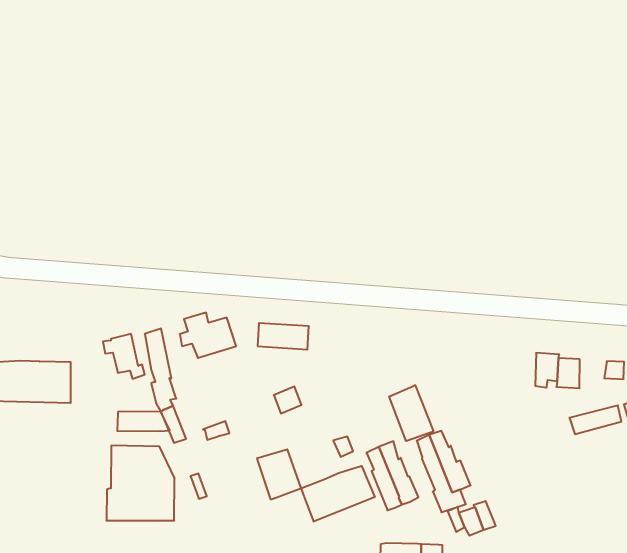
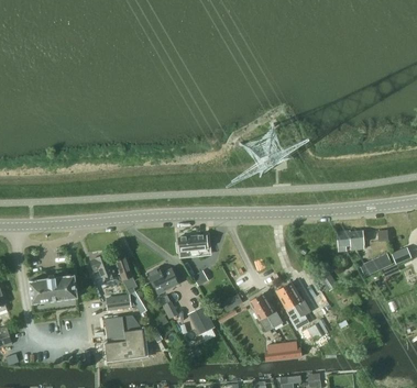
building: [180,313,236,358] -> [145,267,178,293]
building: [389,385,433,441] -> none
building: [301,466,375,522] -> none

